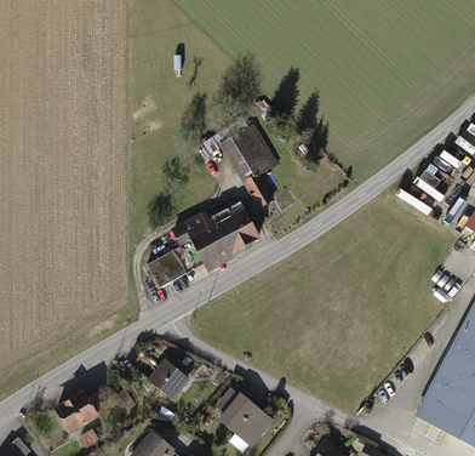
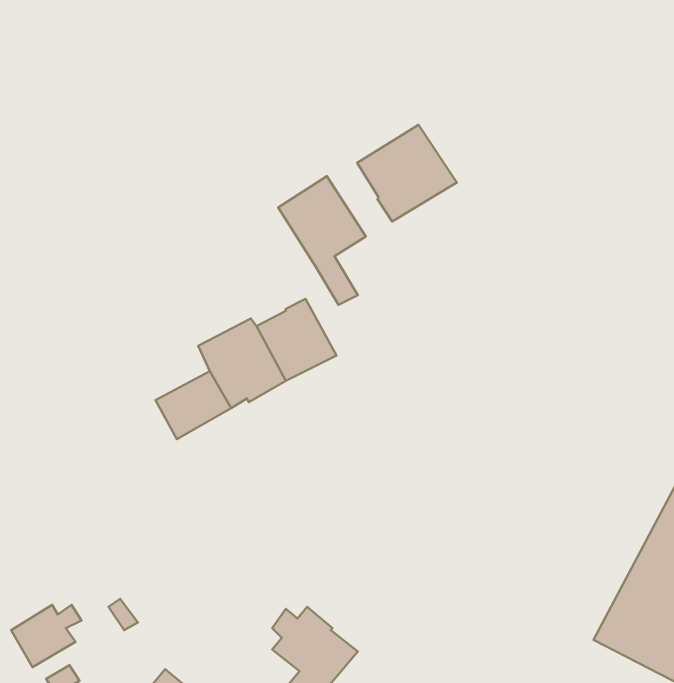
building: none -> [357,125,457,222]
building: [149,361,185,398] -> none

